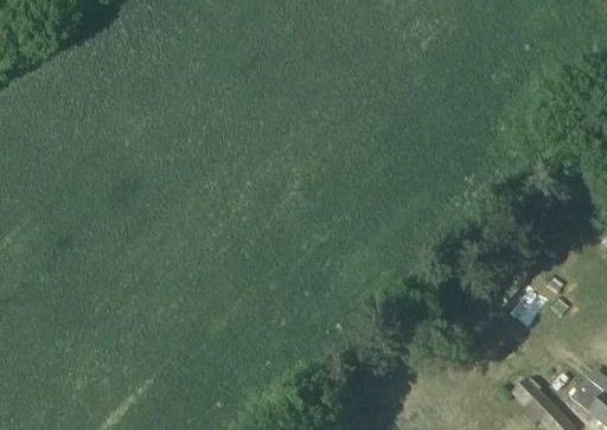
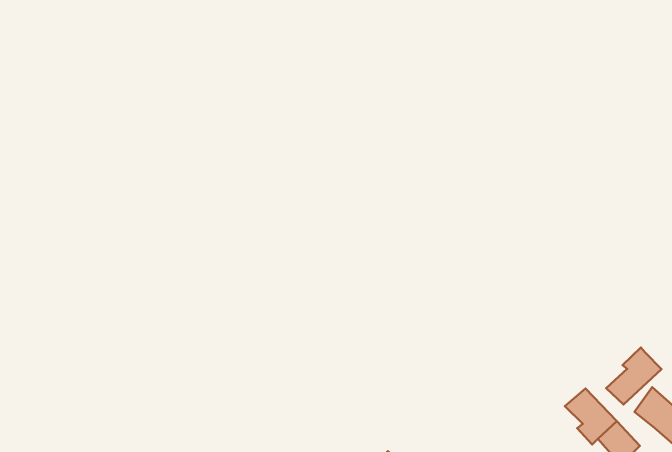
building: none -> [606,347,661,405]

